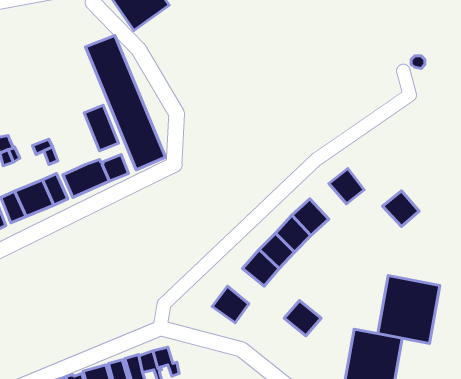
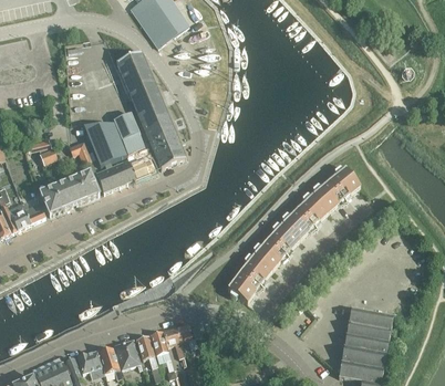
building: none -> [83,123,125,167]
building: [382,191,419,226] -> [311,180,343,211]
building: [378,275,440,343] -> none
building: [284,300,321,336] -> [239,254,271,285]

